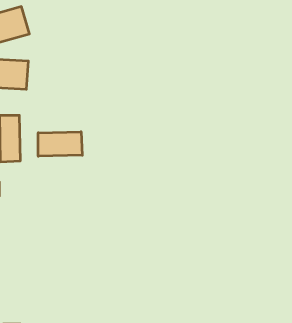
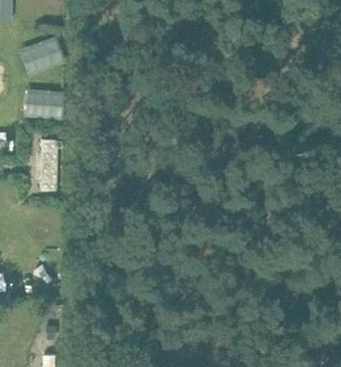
building: [38,132,82,156] -> none

